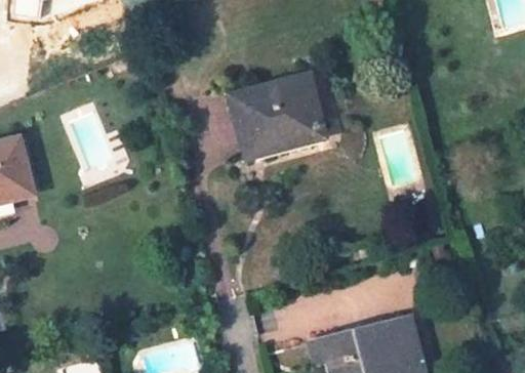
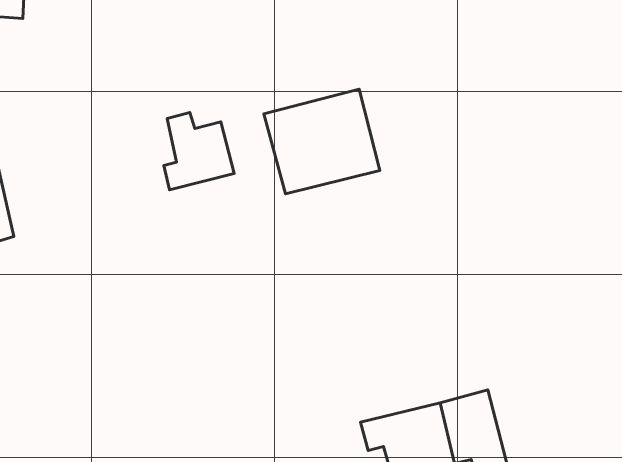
building: none -> [164,112,234,190]

